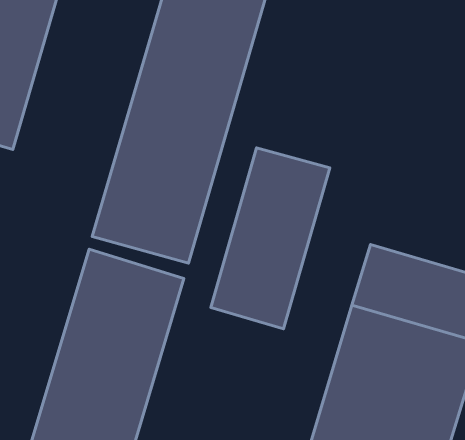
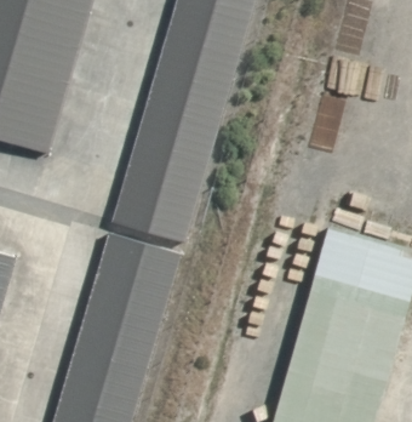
building: [211,148,330,329] -> none

